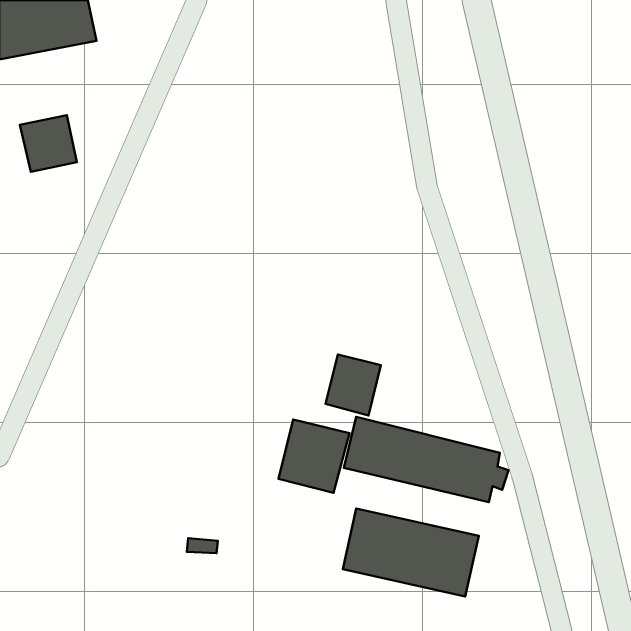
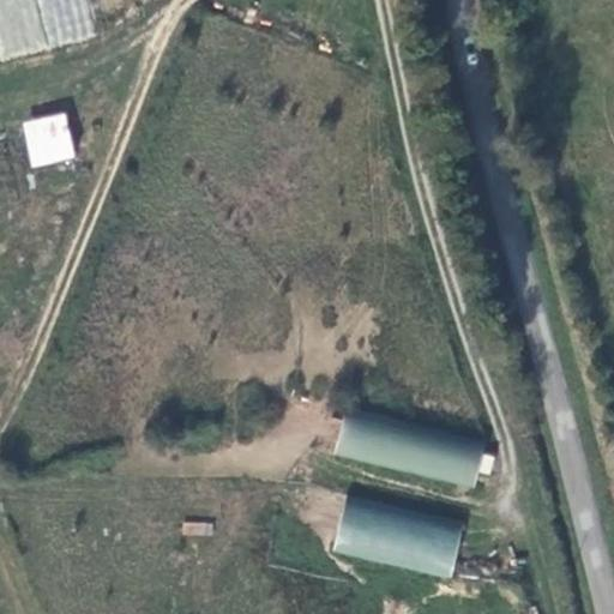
building: [326,355,381,416] -> none
building: [279,419,349,493] -> none

